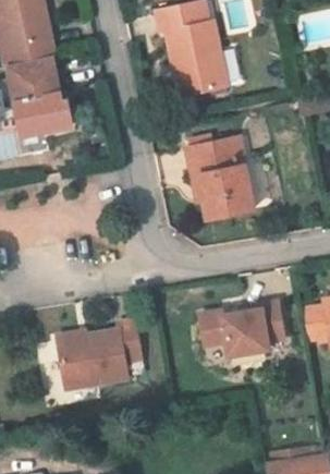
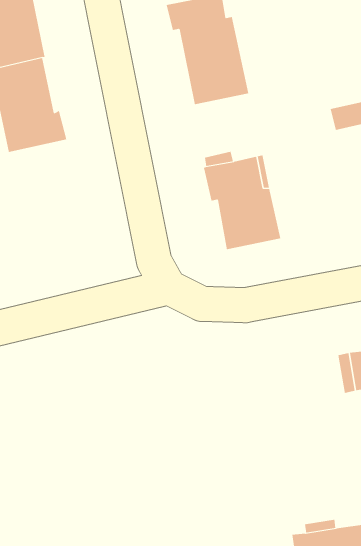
building: [199,302,284,356] -> none
building: [57,320,140,389] -> none

